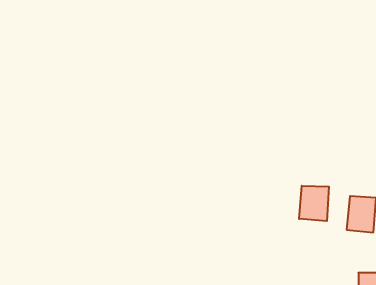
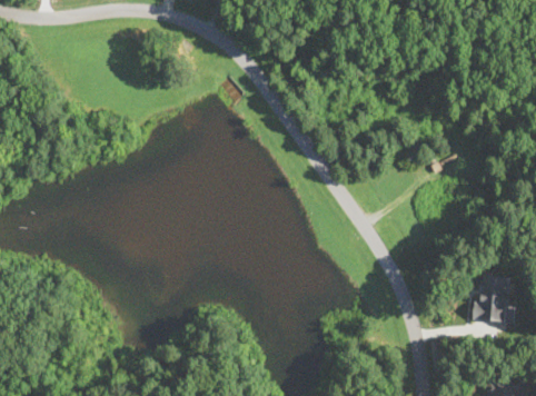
building: [299,186,329,221] -> none

